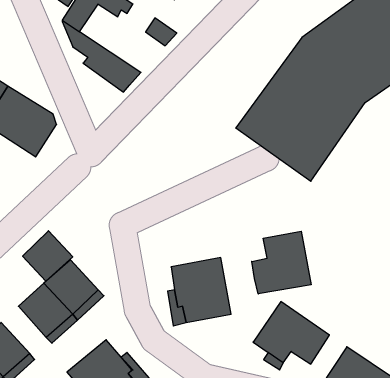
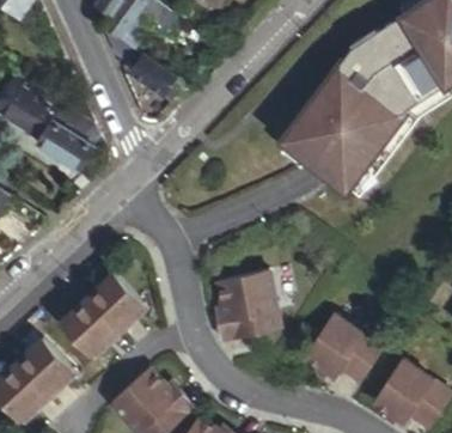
building: [23,231,73,281] -> none
building: [252,231,311,294] -> none

